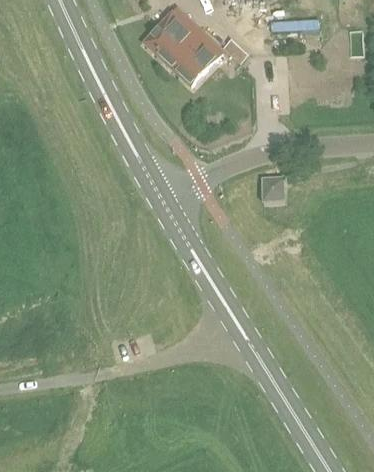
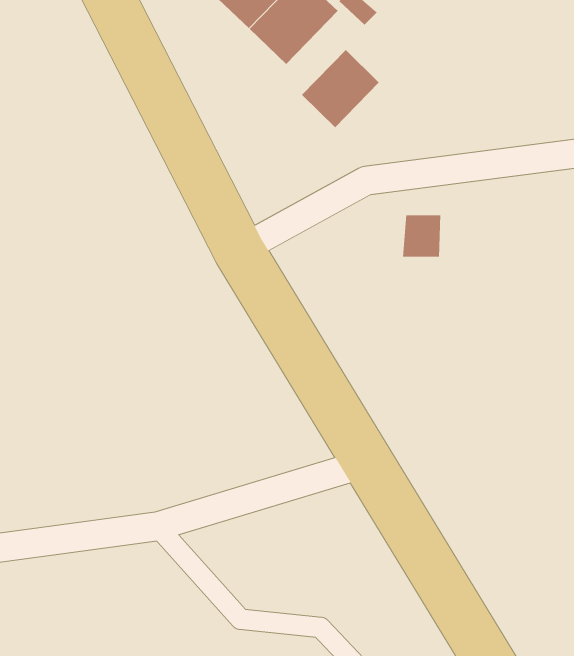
building: none -> [301,49,380,128]

